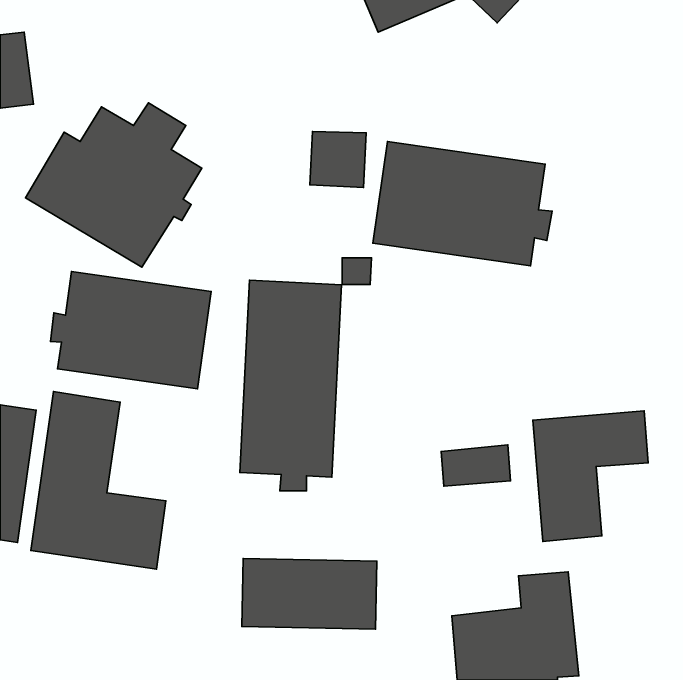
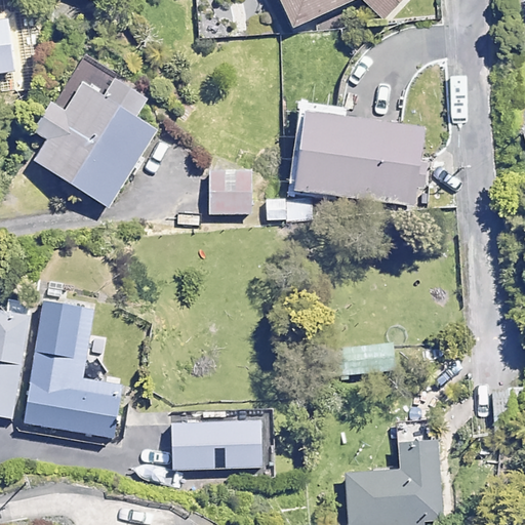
building: [310,132,366,188] -> [208,170,251,213]
building: [51,271,211,389] -> none
building: [240,280,342,491] -> none
building: [533,411,648,541] -> none

